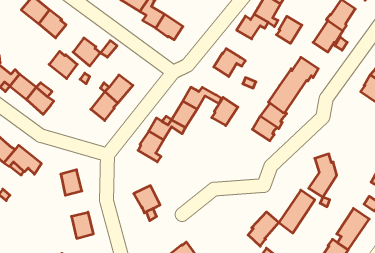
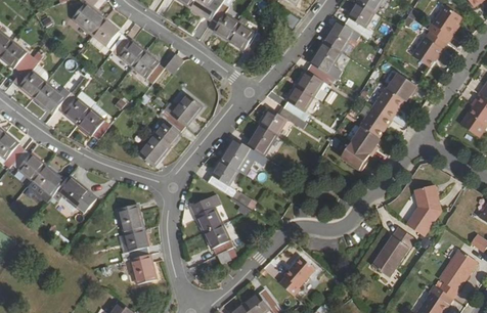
building: [276,16,302,43] -> [310,42,340,74]
building: [49,51,77,79] -> [112,36,144,68]
building: [212,97,238,126] -> [282,85,313,118]
building: none -> [137,134,169,166]
building: none -> [190,193,222,232]
building: none -> [121,229,148,261]
building: [248,212,279,246] -> [279,257,315,297]

